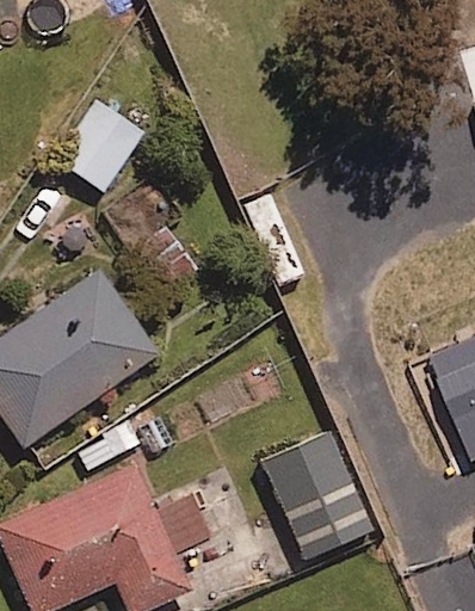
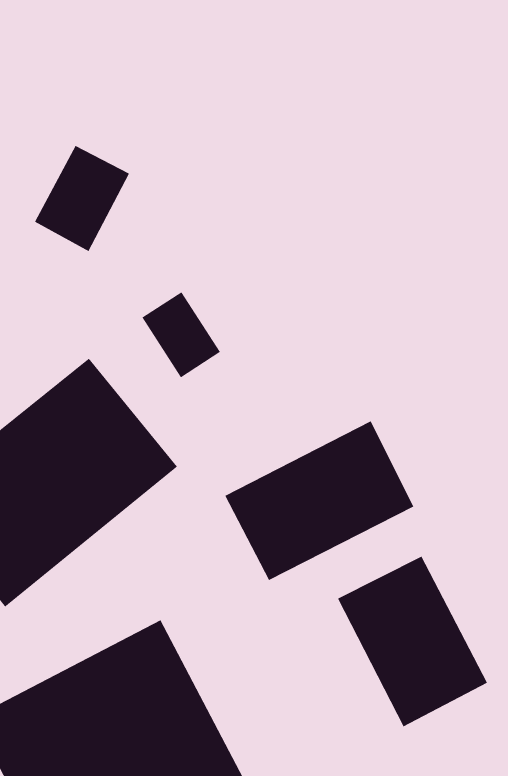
building: none -> [225,421,414,581]

